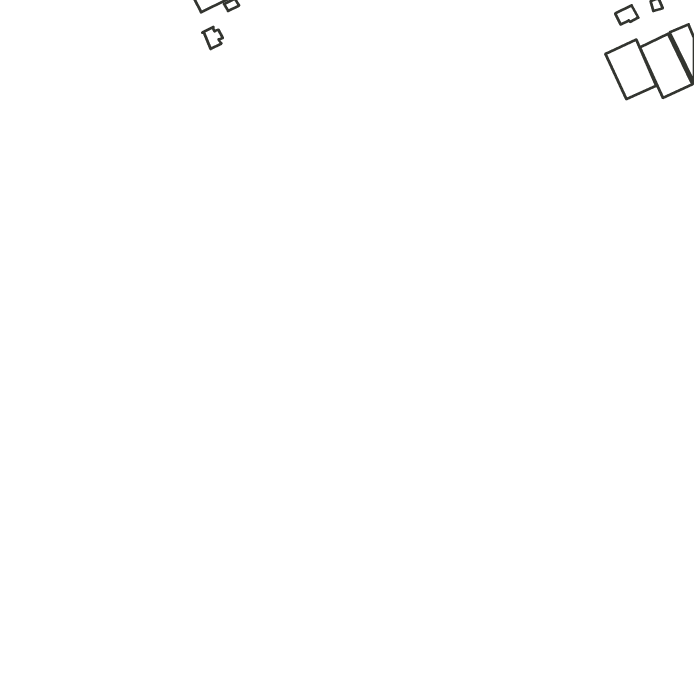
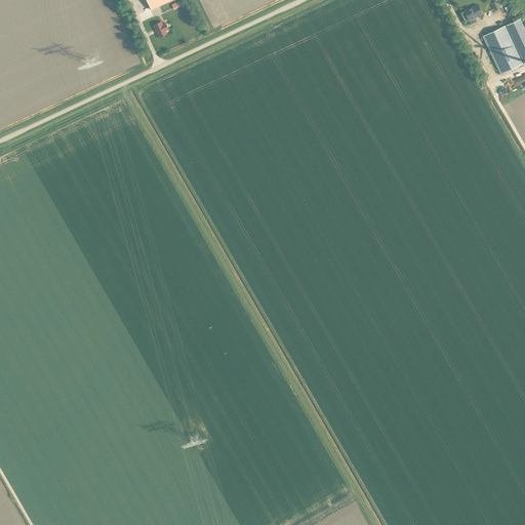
building: [606,40,656,99] -> none

